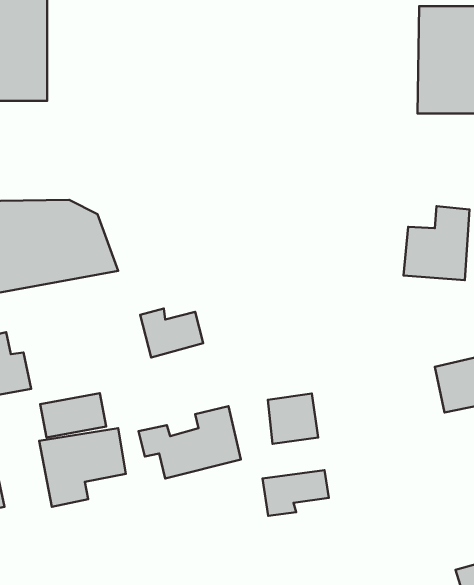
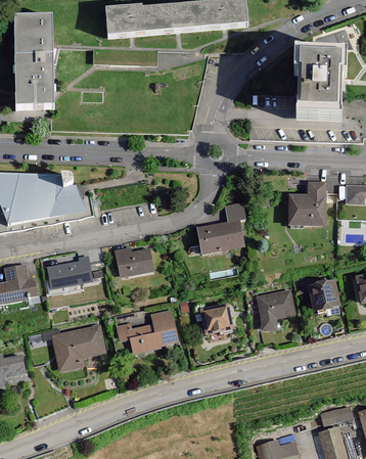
building: none -> [194,200,245,256]
building: none -> [256,288,296,333]
building: [40,393,106,437] -> [50,259,93,287]
building: [263,470,329,516] -> none

